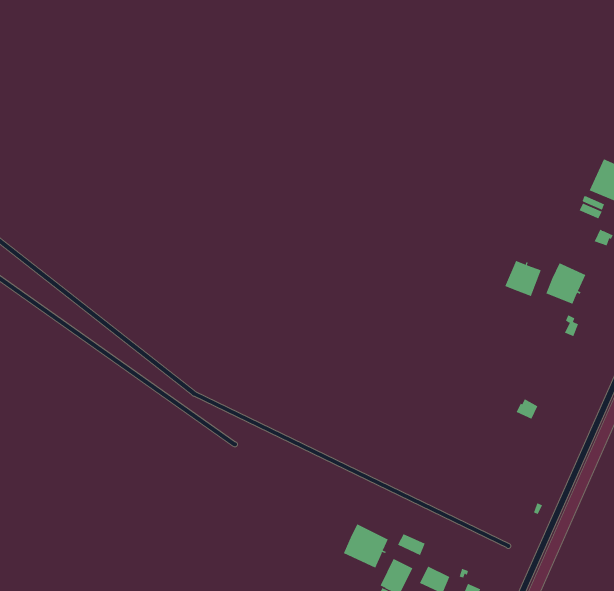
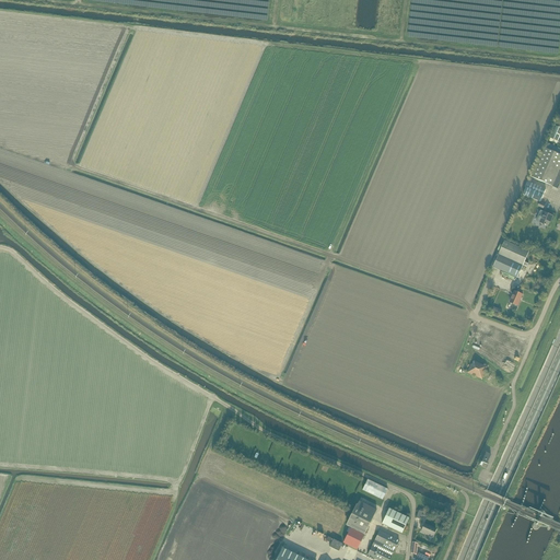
building: [505,260,542,297] -> none
building: [343,523,388,569] -> none

